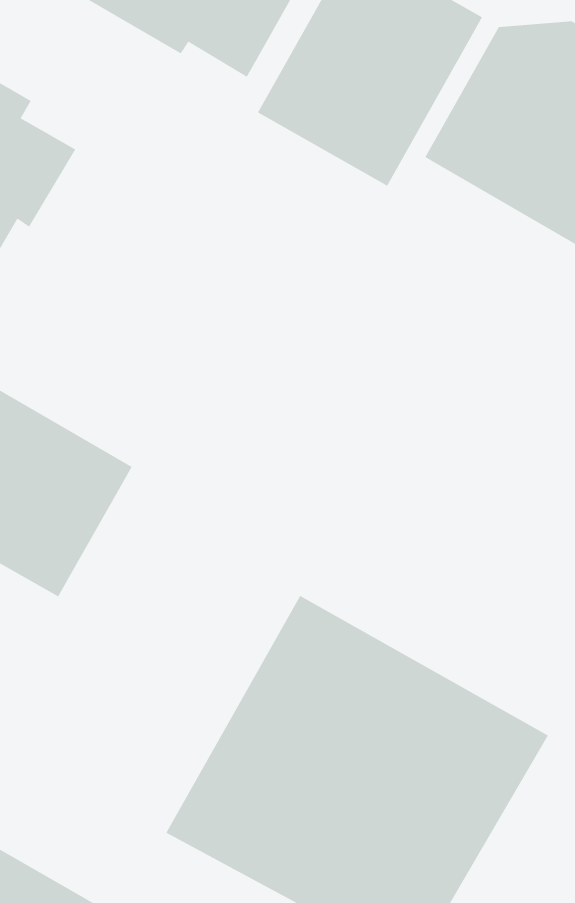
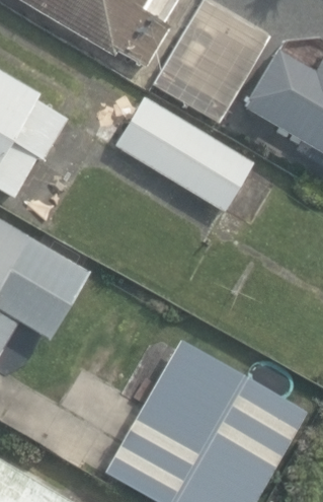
building: none -> [116,99,255,215]

